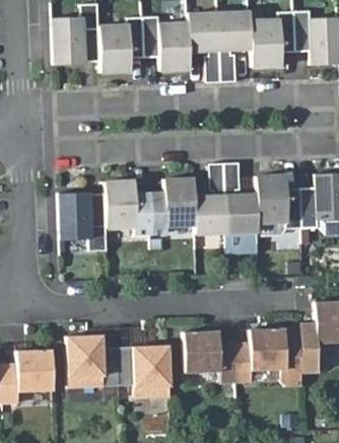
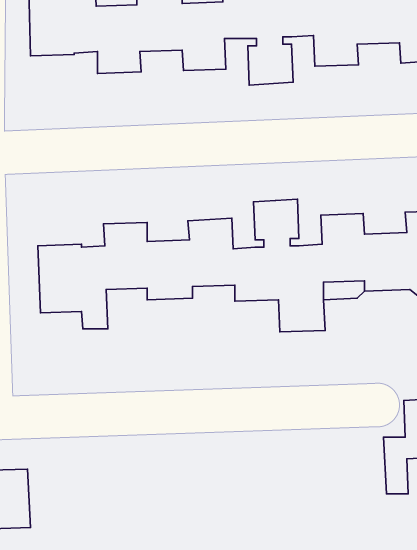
building: [182,328,300,386] -> none
building: [66,336,170,397] -> none

